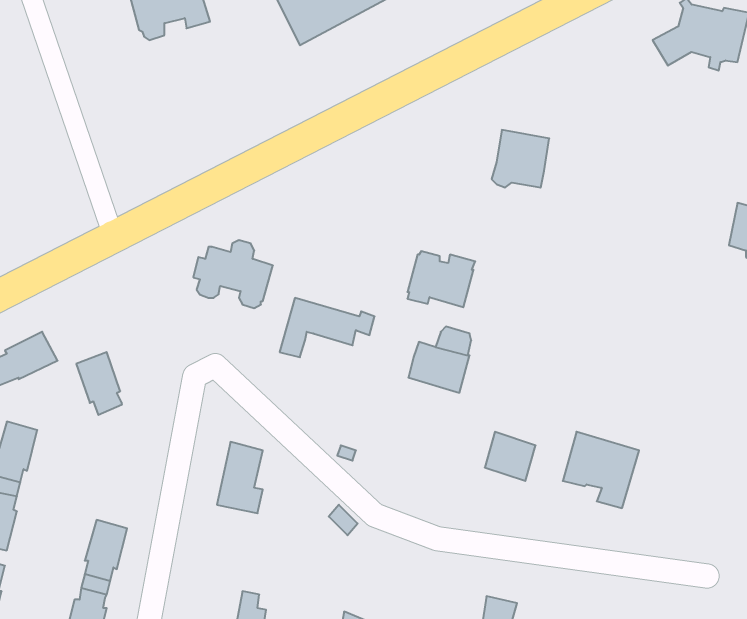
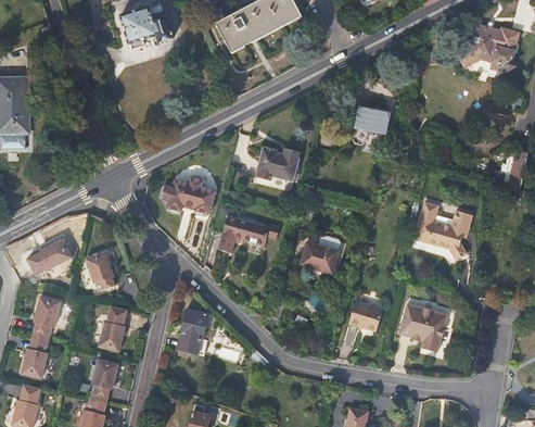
building: [407,251,475,307] -> [255,145,298,180]
building: none -> [415,200,473,260]
building: none -> [100,305,129,351]

